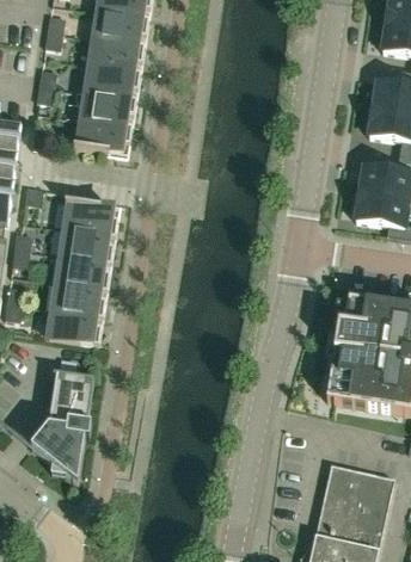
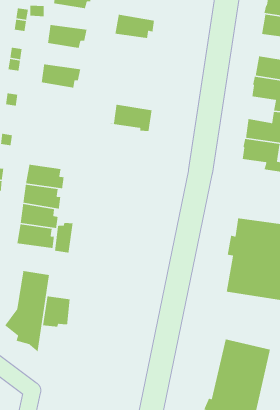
building: [93,10,148,44] -> [115,14,155,39]
building: [85,63,140,98] -> none
building: [73,117,131,155] -> [110,104,153,132]
building: [65,198,119,234] -> none
building: none -> [54,221,73,253]
building: none -> [42,295,71,329]

